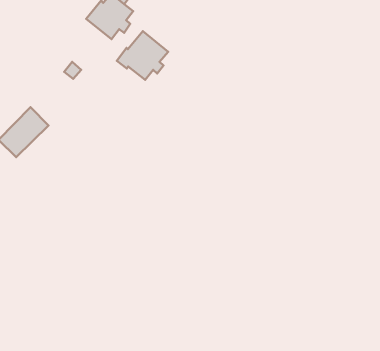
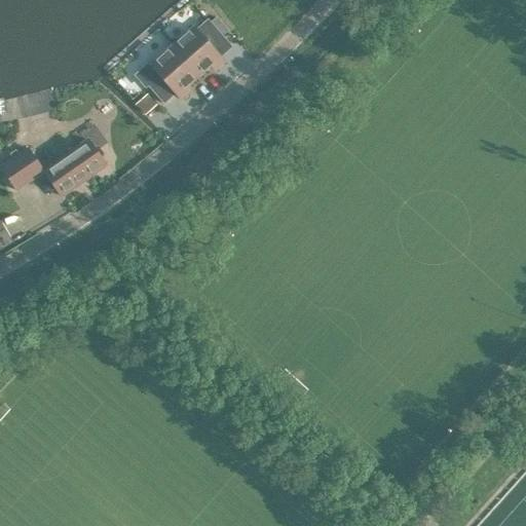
building: [117,31,168,80] -> [136,45,198,104]

